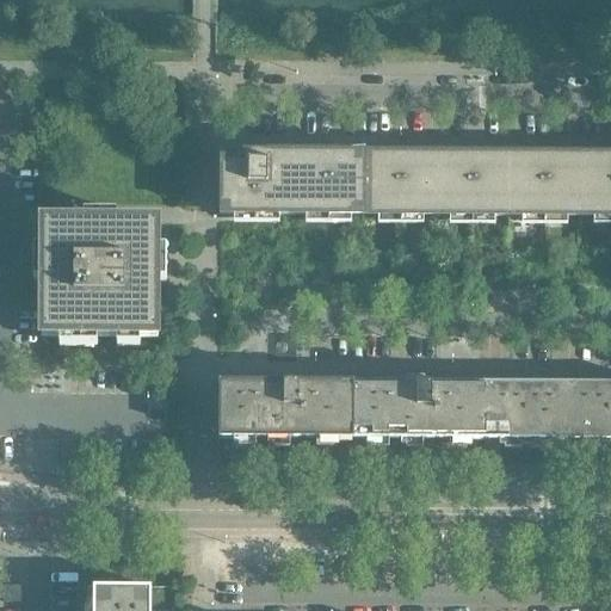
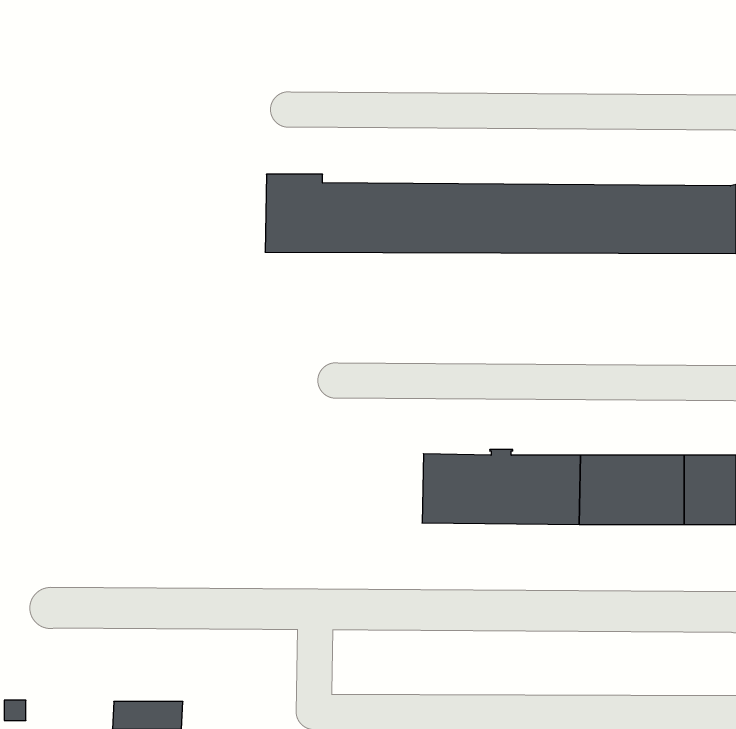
building: [43,218,158,333] -> none
building: [218,371,351,433] -> none

